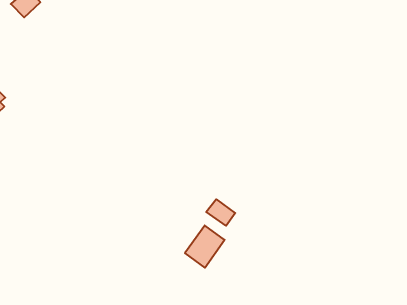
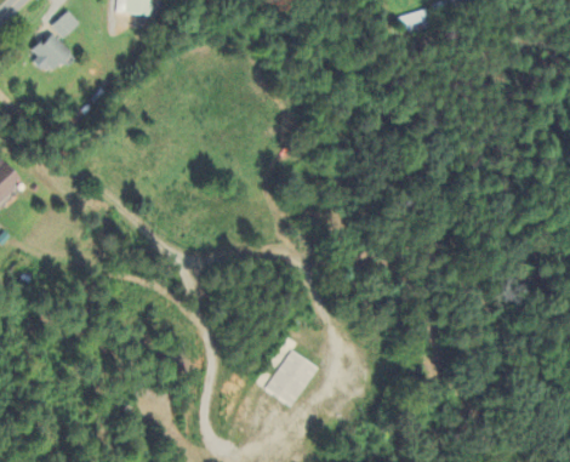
building: [206,199,235,226] -> none

